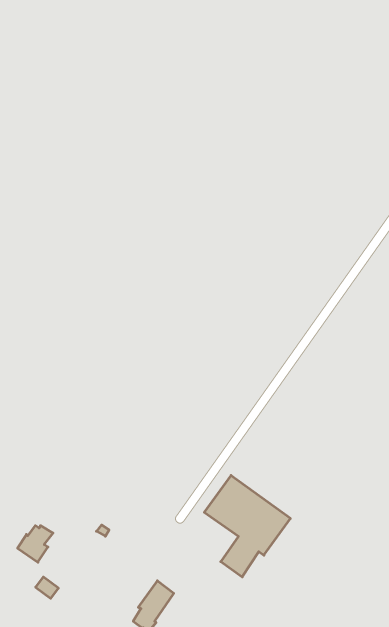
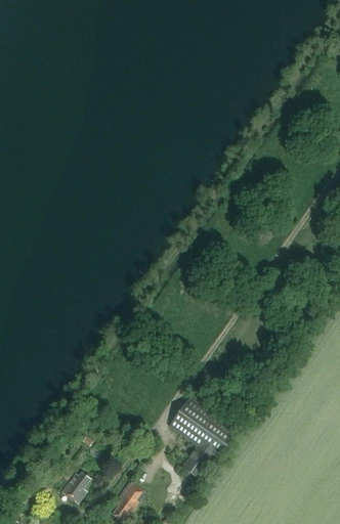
building: [18,526,53,562] -> [61,473,90,503]

